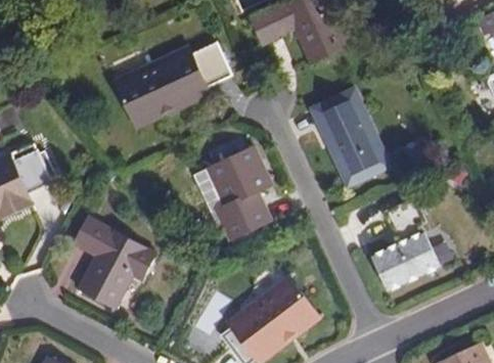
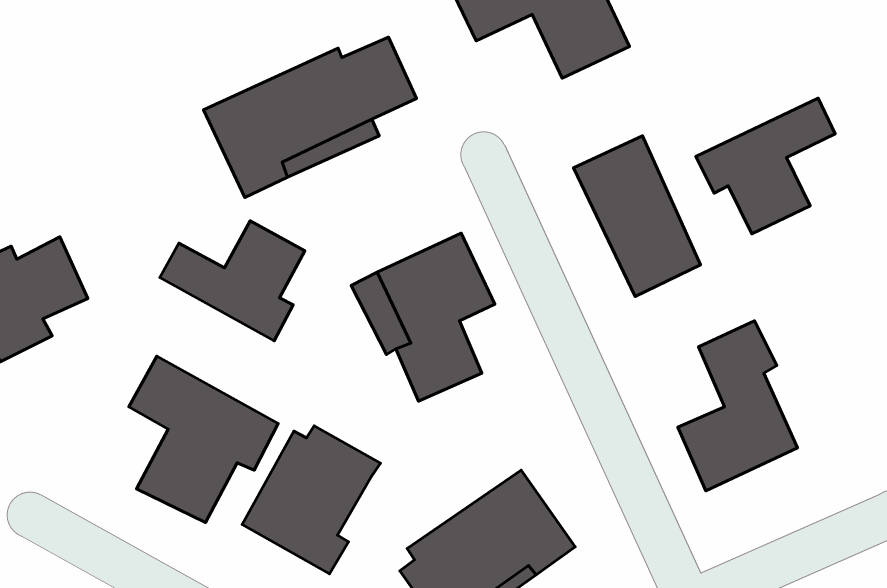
building: none -> [696,98,835,234]
building: none -> [160,221,305,341]
building: none -> [242,426,380,574]

